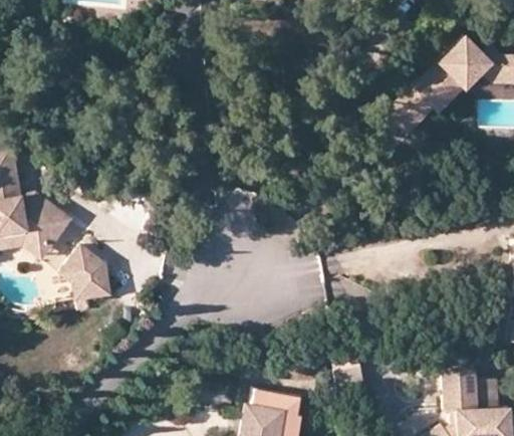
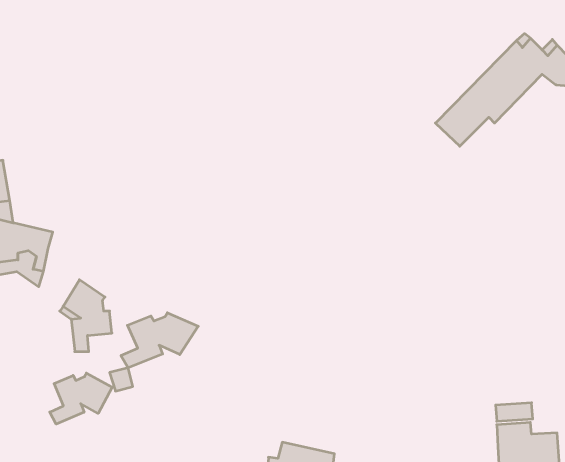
building: none -> [121,313,198,368]
building: none -> [50,373,112,424]

